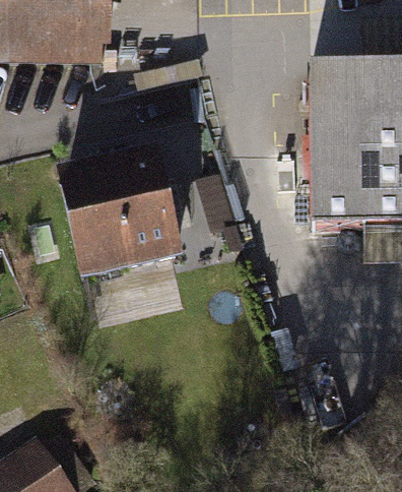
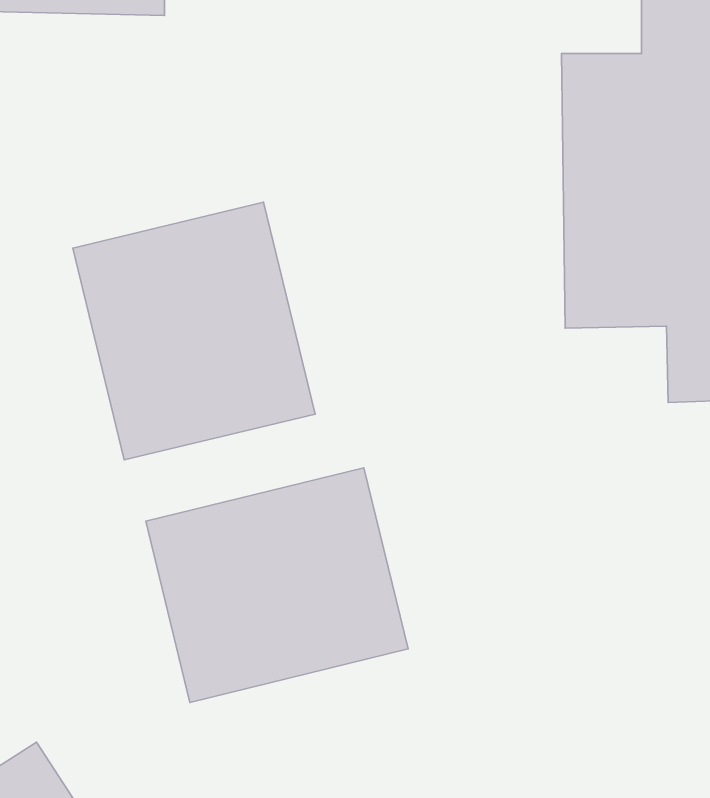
building: none -> [146,468,408,702]

